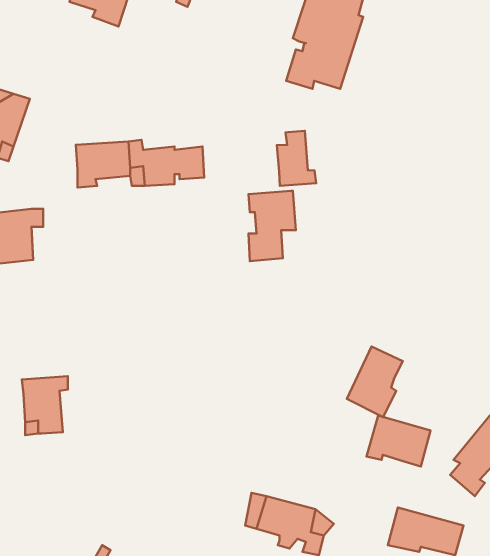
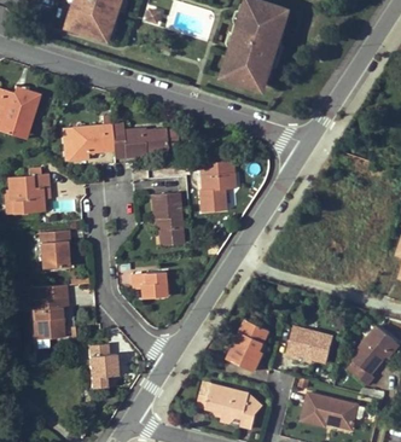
building: [277,131,316,186] -> none
building: none -> [151,192,182,239]
building: none -> [40,231,70,268]
building: none -> [130,273,165,299]
building: [347,346,403,417] -> [227,320,268,372]
building: none -> [88,343,120,388]

